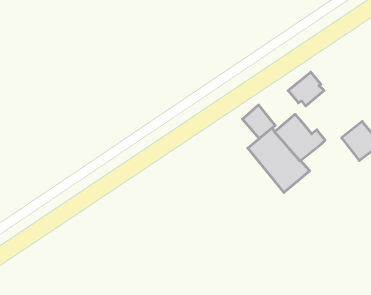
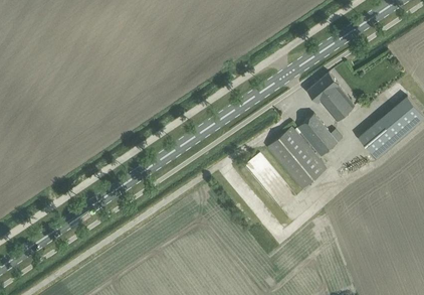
building: none -> [324,91,354,121]
building: [242,105,275,139] -> none

